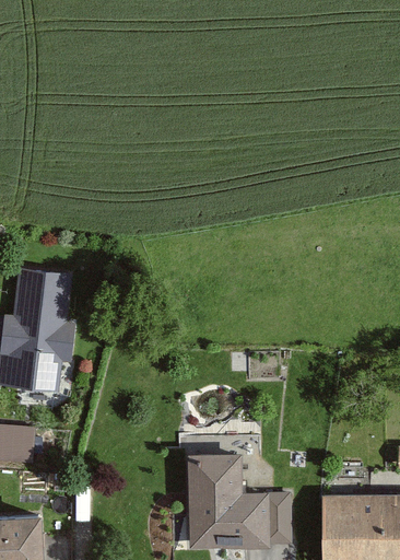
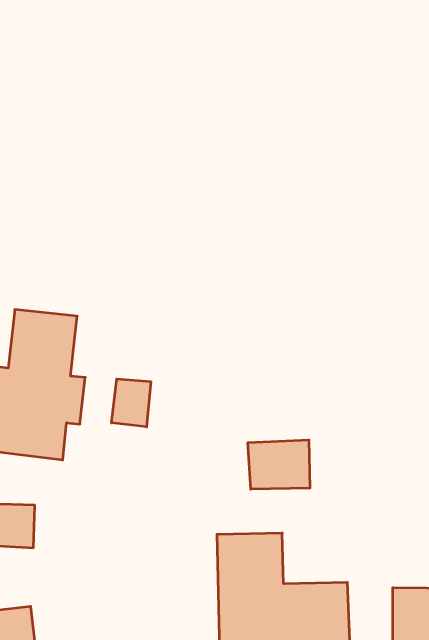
building: none -> [112,379,151,427]
building: none -> [248,440,310,489]

